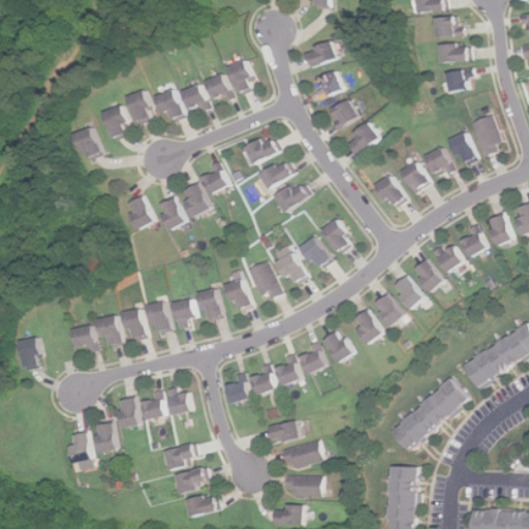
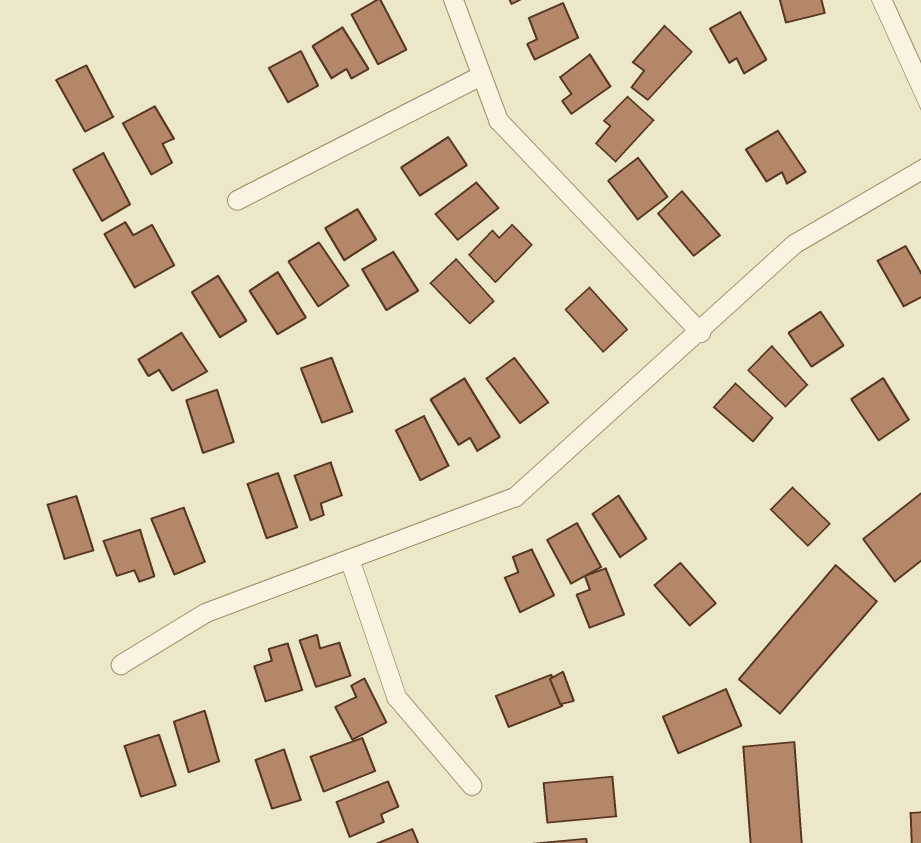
building: none -> [631,26,692,100]
building: [152,89,180,121] -> none
building: [123,90,151,124] -> [56,66,113,131]
building: [468,116,500,156] -> none
building: [445,132,473,164] -> [710,12,766,73]
building: [397,161,427,193] -> [608,158,667,220]
building: none -> [105,222,174,288]
building: none -> [362,252,418,310]
building: none -> [138,333,207,391]
building: [457,225,486,257] -> [851,378,909,440]
building: [298,237,330,271] -> [430,259,494,323]
building: [197,288,222,321] -> [301,358,353,422]
building: [372,294,402,325] -> [771,487,830,546]
building: [122,309,145,341] -> [186,390,234,453]
building: [350,310,381,343] -> [654,563,716,626]
building: [20,338,41,370] -> [47,496,93,559]
building: [251,364,275,394] -> [577,568,624,628]
building: [223,373,249,404] -> [335,679,386,739]
building: [118,397,139,427] -> [255,750,301,808]
building: [281,439,321,470] -> [663,689,741,753]

